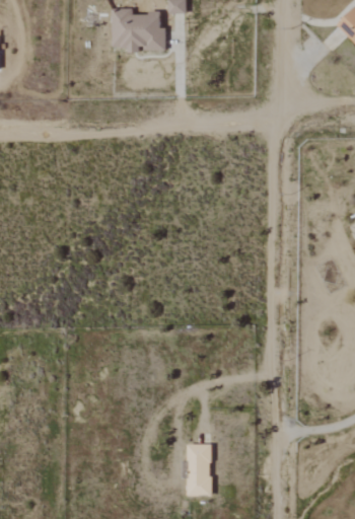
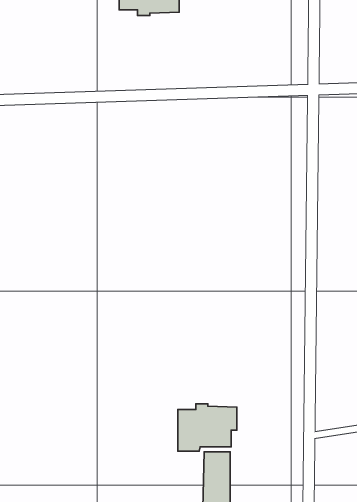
building: none -> [178,404,237,451]

